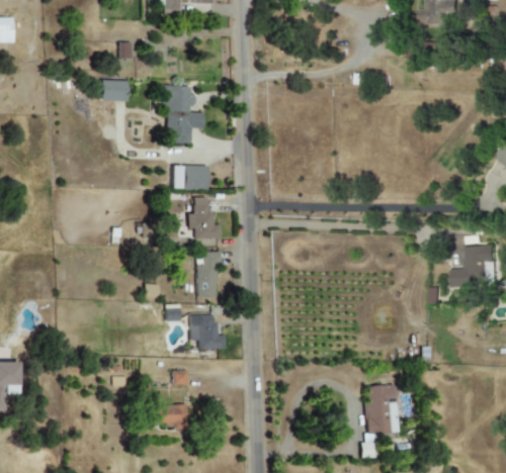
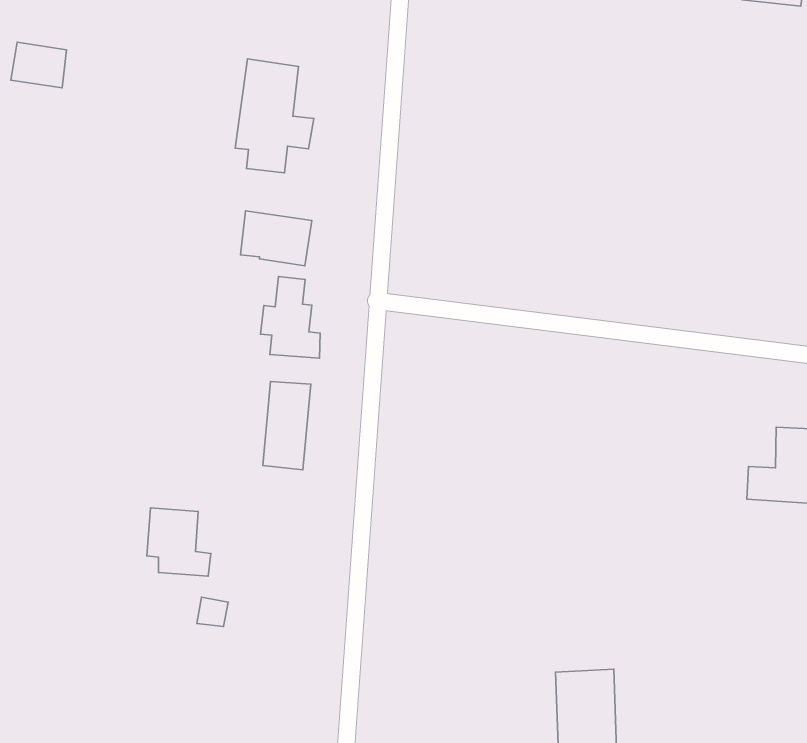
building: [100,80,128,101] -> [11,42,66,88]
building: [190,314,225,349] -> [147,508,211,576]
building: [154,404,185,425] -> none

